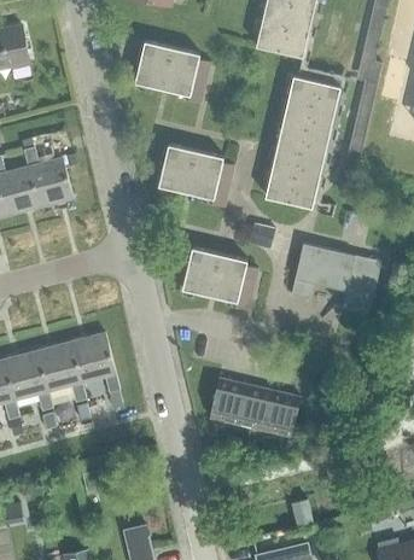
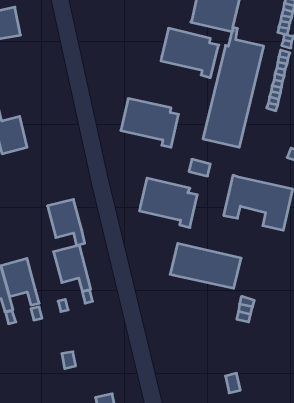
building: [135,40,210,104] -> [161,28,219,78]
building: [23,147,72,206] -> none
building: [37,342,86,402] -> [47,199,85,246]
building: [209,378,301,436] -> [170,243,241,288]

